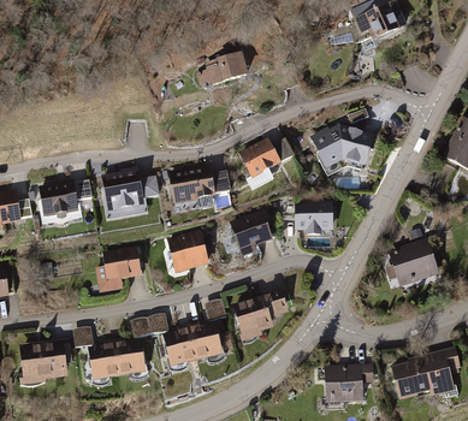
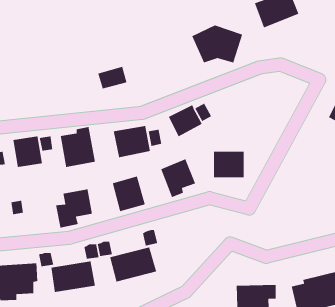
building: [207,53,245,83] -> [97,66,128,89]
building: [308,118,374,167] -> [191,25,243,63]
building: [387,238,439,289] -> none
building: [231,289,291,343] -> none

